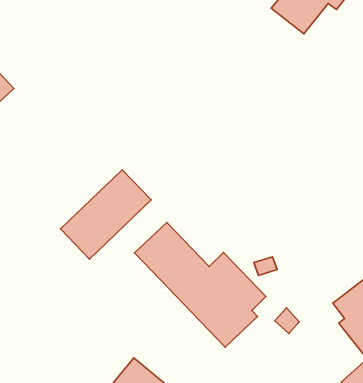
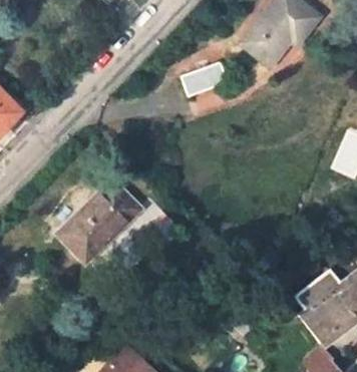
building: none -> [183,64,228,96]
building: [134,222,266,347] -> none

